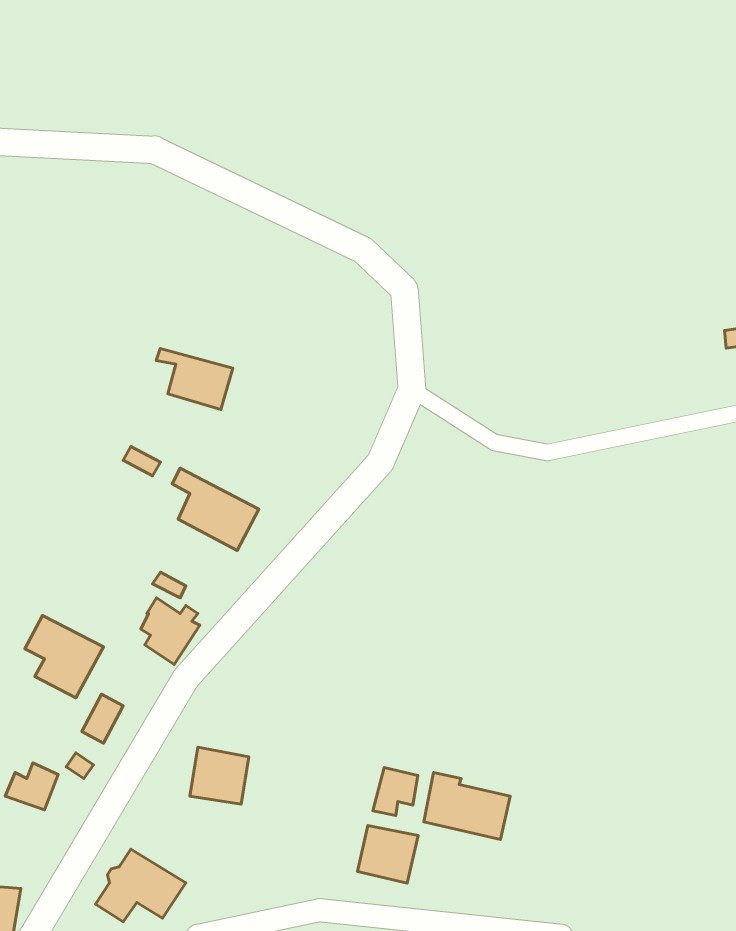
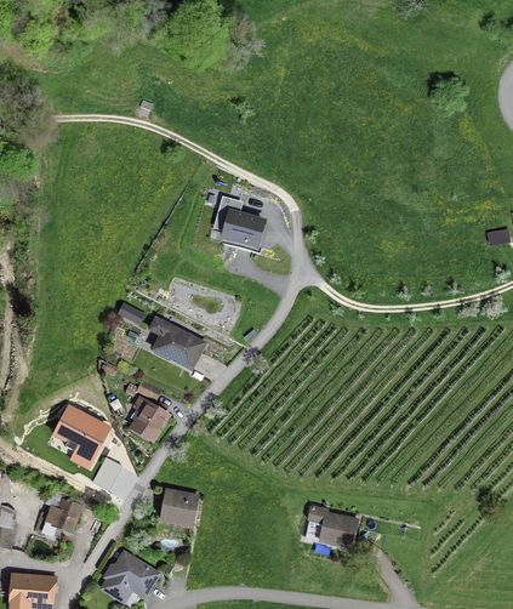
building: [156,349,233,409] -> [217,209,264,246]
building: [373,768,418,815] -> none
building: [357,826,418,883] -> none

